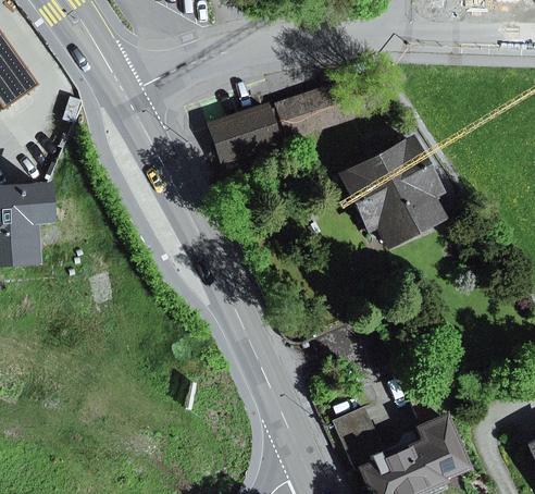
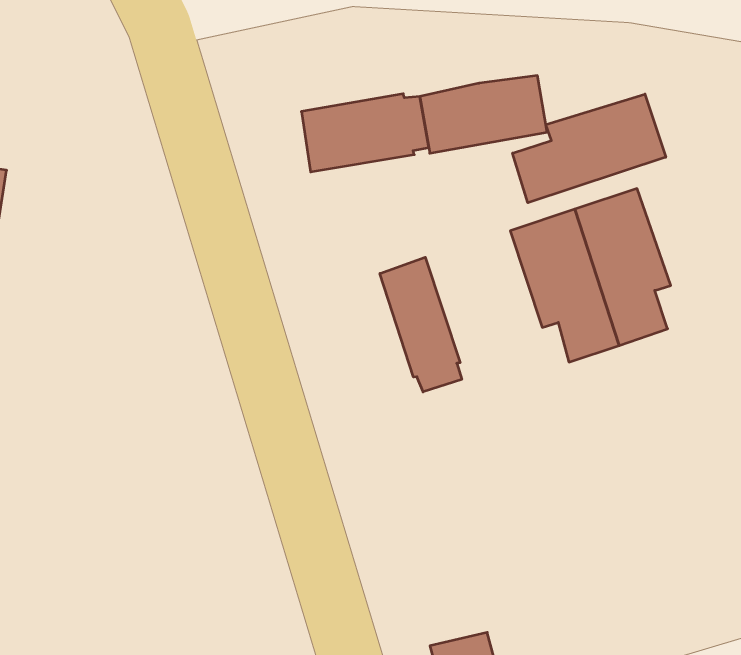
building: none -> [513,94,666,203]
building: none -> [380,257,462,392]

